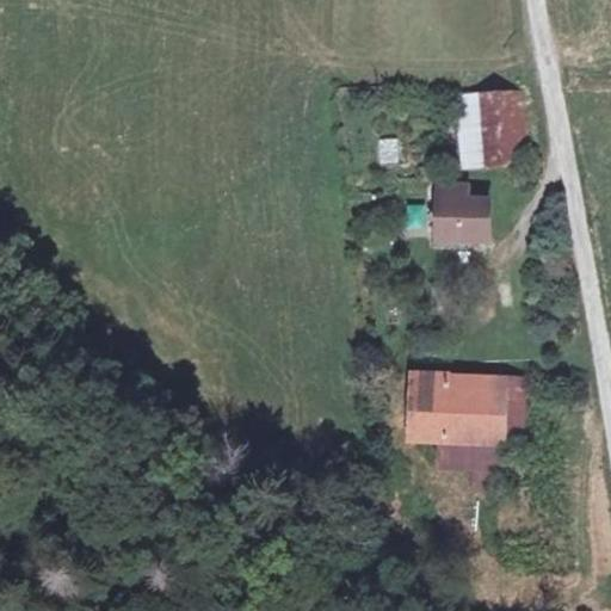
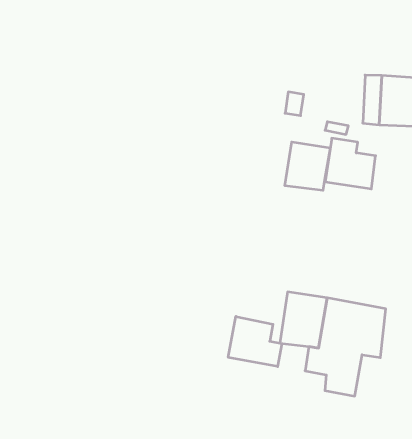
building: none -> [285,142,330,190]
building: none -> [228,316,282,367]

